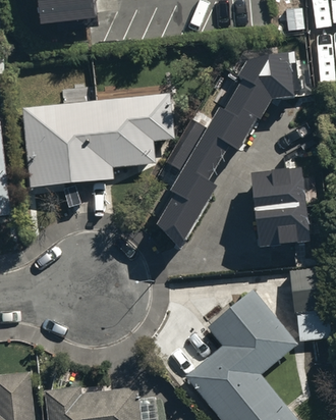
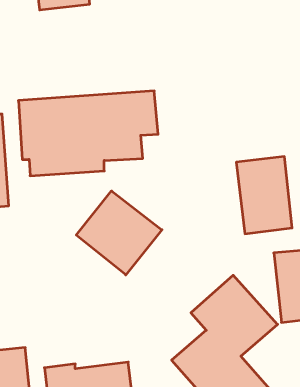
building: [157,53,300,249] -> none
building: none -> [76,191,162,275]

